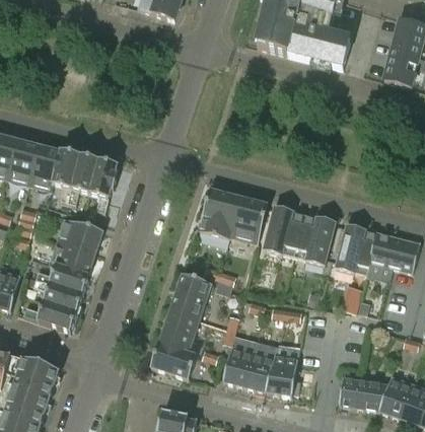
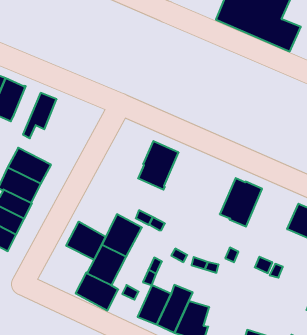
building: [54,149,79,202] -> none
building: [89,158,117,212] -> none
building: [228,196,268,242] -> none
building: [263,205,304,256] -> none
building: [335,223,376,274] -> none
building: none -> [66,222,106,260]

